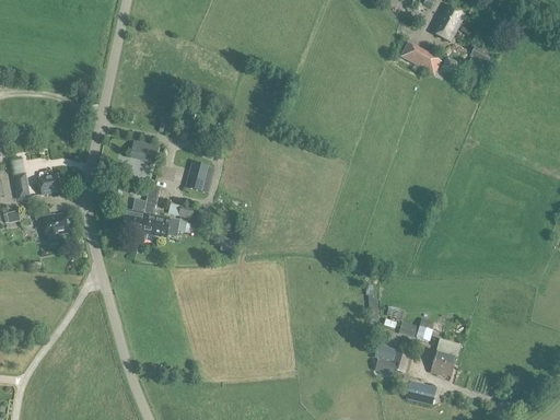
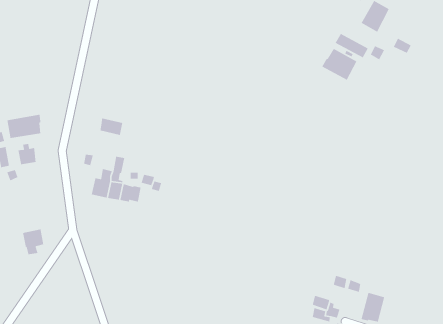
building: none -> [321,48,357,81]
building: none -> [6,114,41,139]
building: [185,162,208,190] -> none
building: [42,213,67,244] -> [22,229,44,255]

